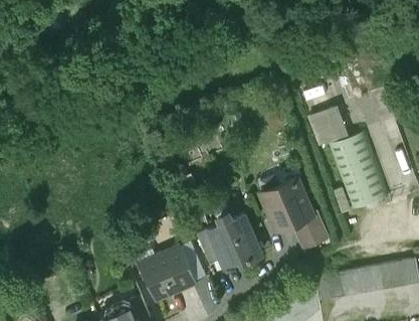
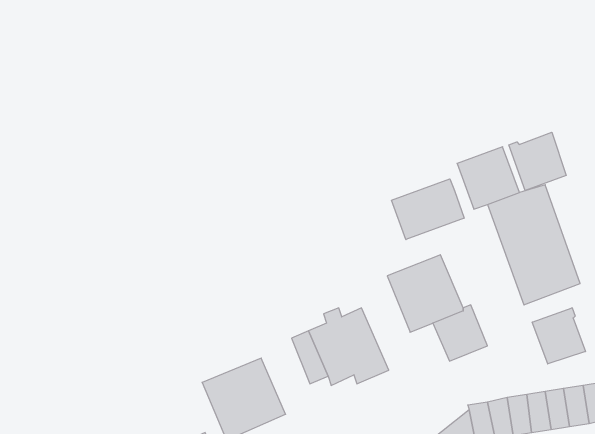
building: none -> [509,132,566,191]
building: none -> [392,179,464,240]
building: none -> [532,308,585,364]

